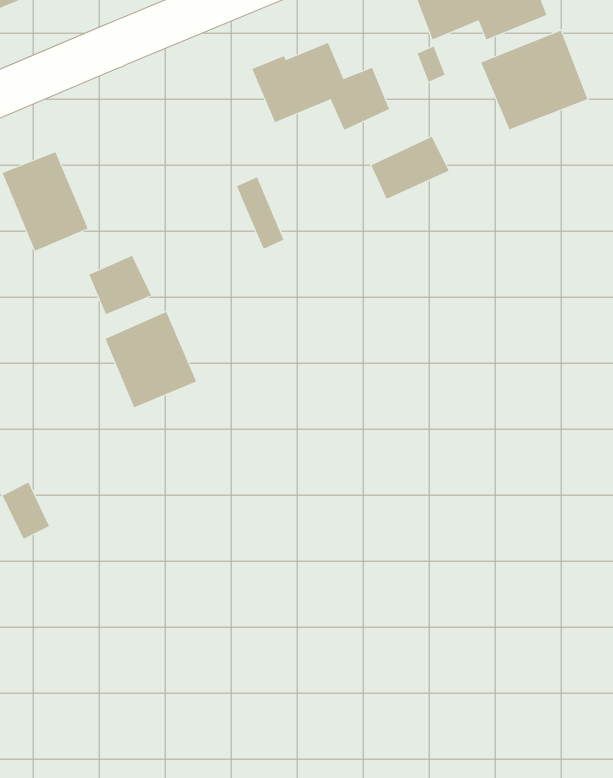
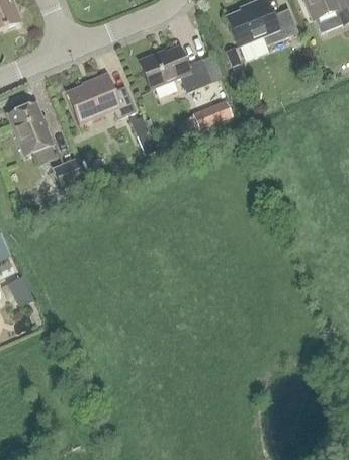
building: [481,30,588,130] -> none
building: none -> [68,72,138,122]
building: [105,311,197,408] -> none

